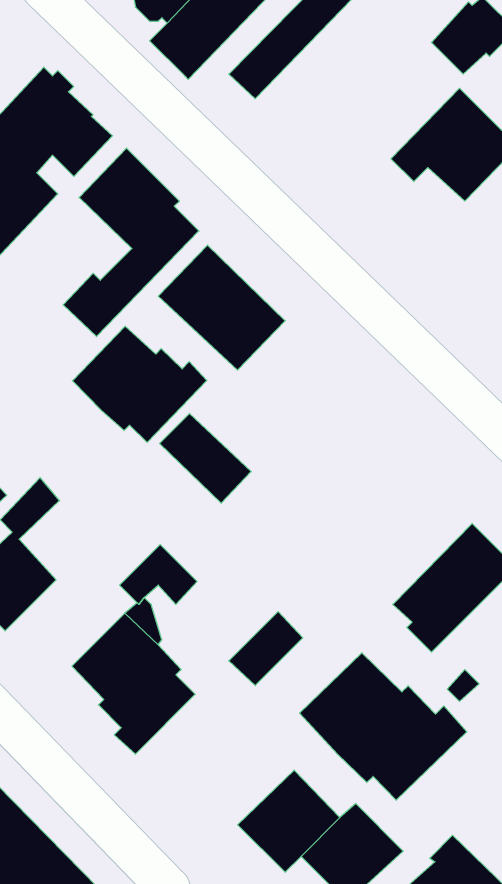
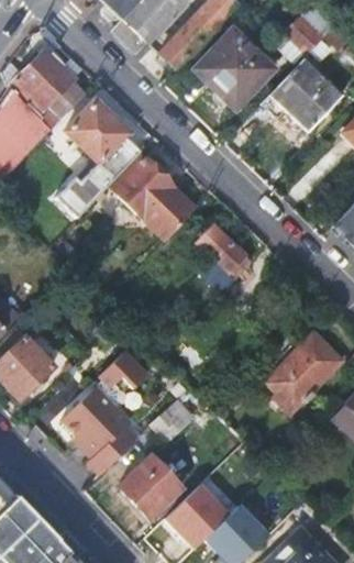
building: none -> [193,26,275,109]
building: [72,326,207,442] -> none
building: [160,413,251,503] -> [193,224,251,280]
building: [300,653,467,800] -> none
building: none -> [121,456,184,520]

